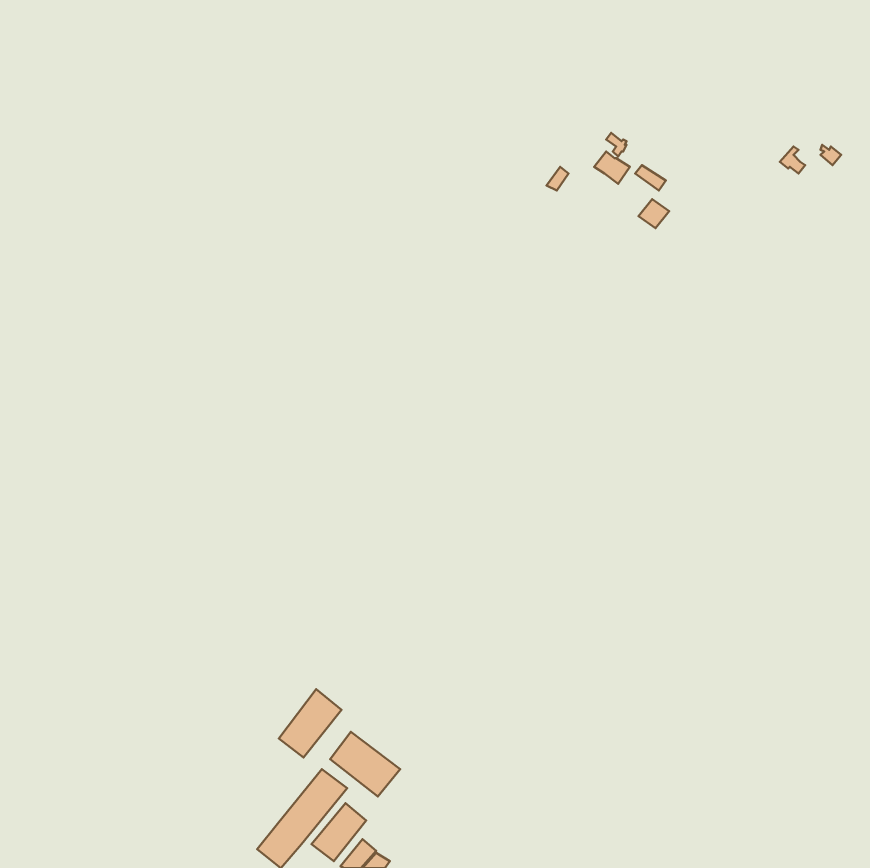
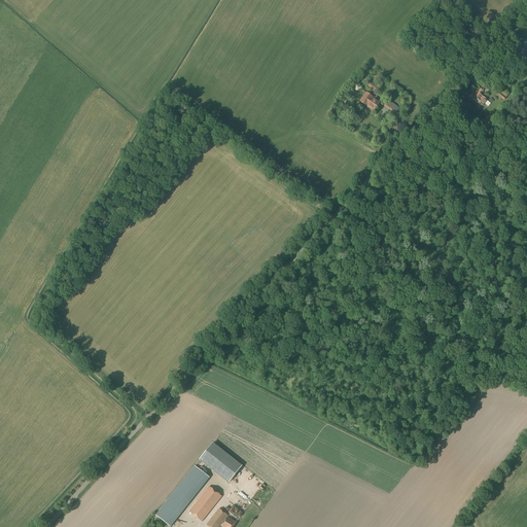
building: [279,689,342,757] -> none

